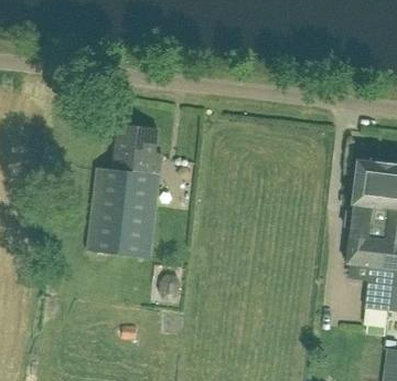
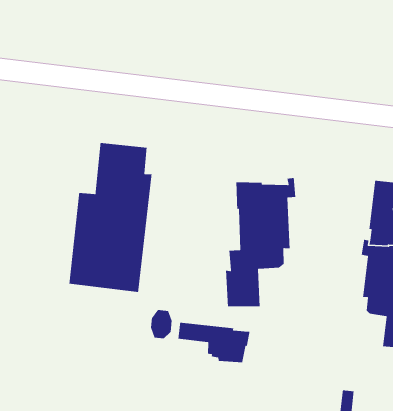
building: none -> [225,177,296,307]
building: none -> [178,322,250,363]

